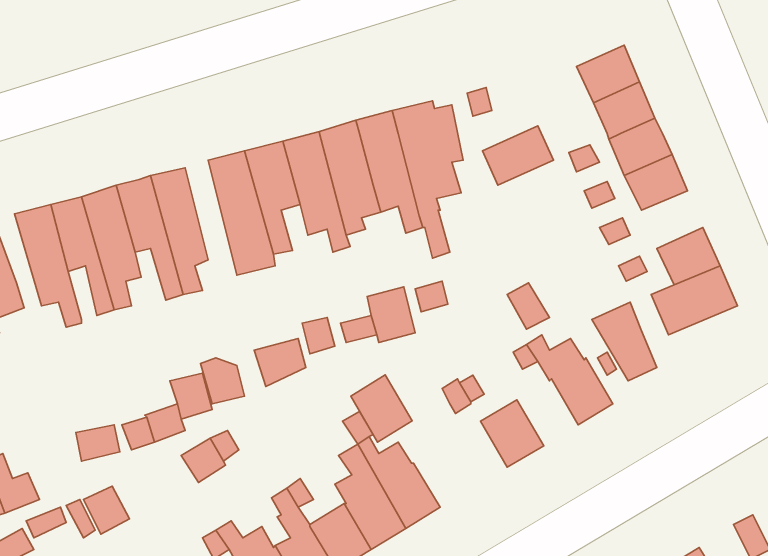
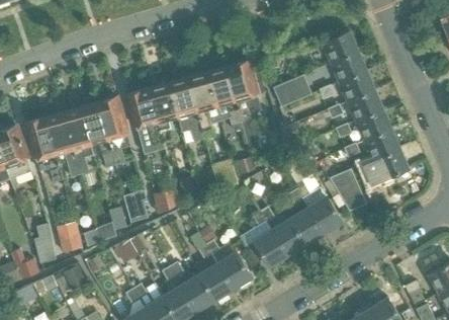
building: none -> [357,109,389,140]
building: [351,375,412,442] -> [254,231,286,266]
building: none -> [291,209,324,244]
building: none -> [34,224,56,262]

